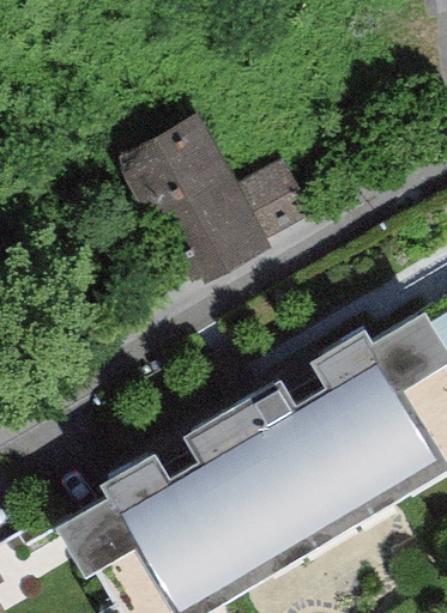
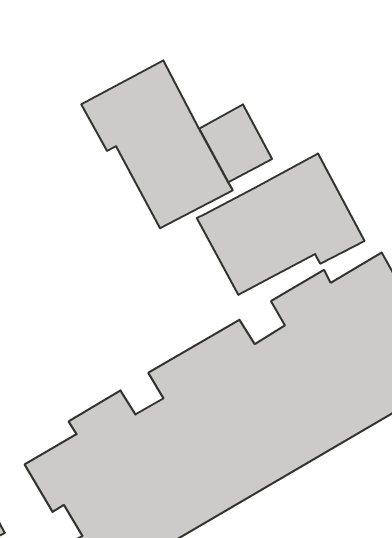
building: none -> [197,153,364,295]

